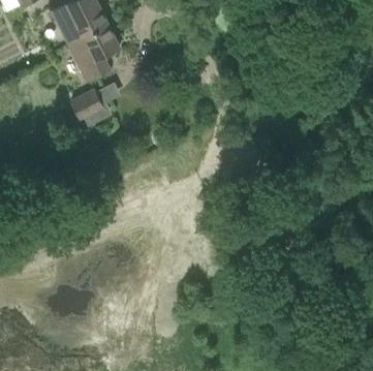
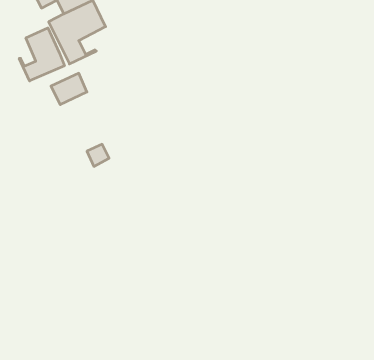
building: none -> [19,28,64,81]

